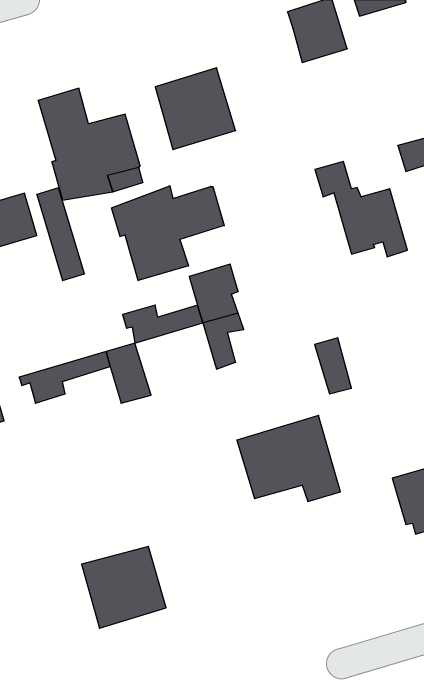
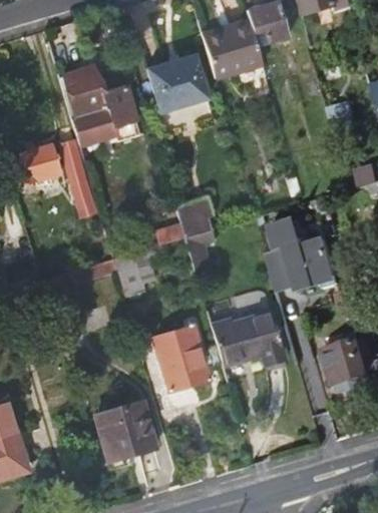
building: none -> [201,21,262,75]
building: [315,161,407,257] -> [271,219,339,290]
building: [112,186,224,281] -> none
building: none -> [152,326,209,392]

